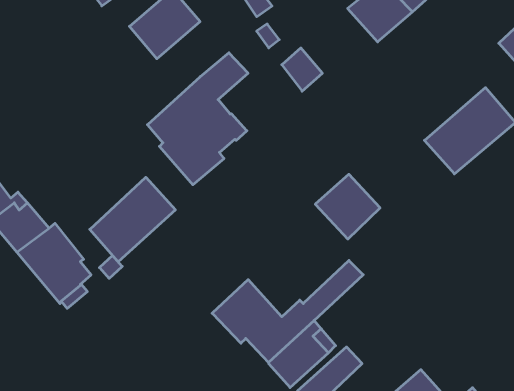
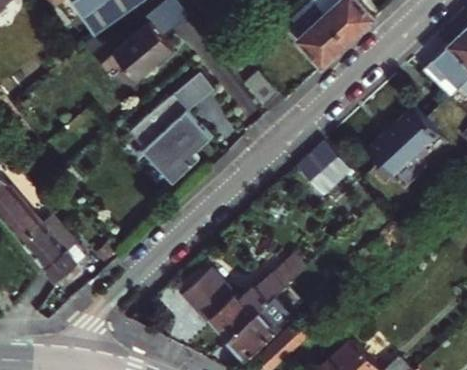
building: [315,174,380,239] -> [296,139,350,193]
building: [90,177,175,262] -> none

